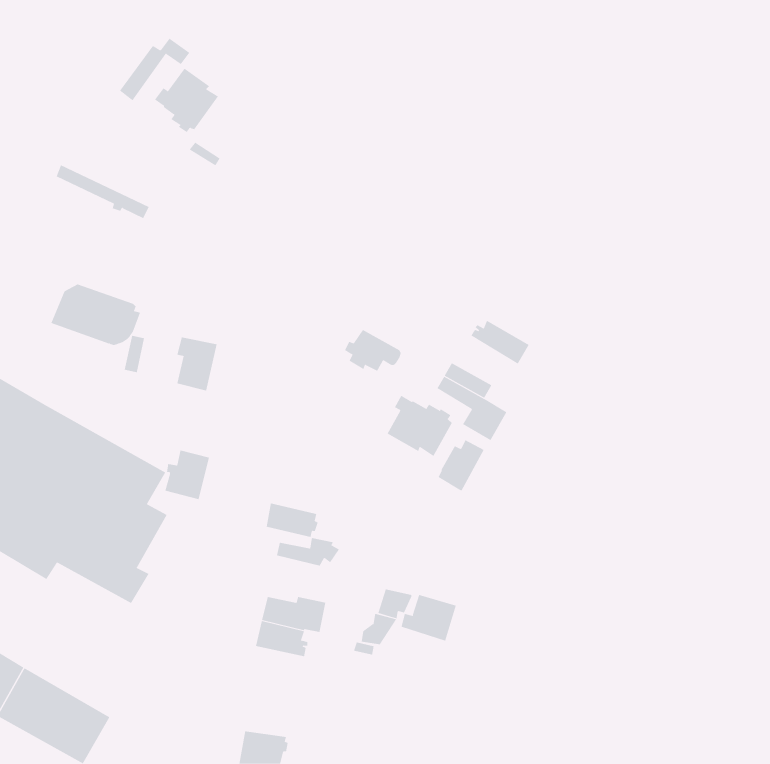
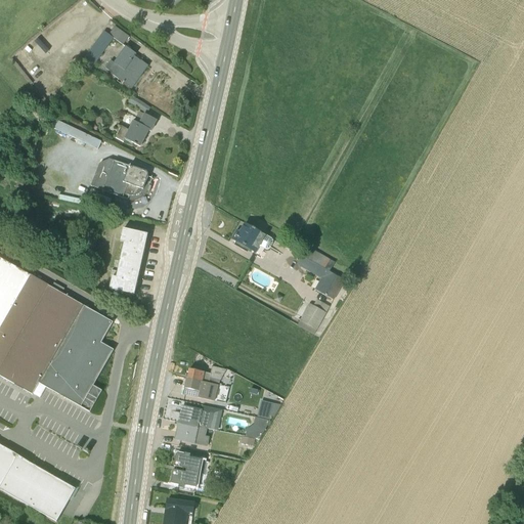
building: none -> [115,111,157,146]
building: [50,284,141,346] -> [90,158,151,200]
building: [470,320,530,365] -> none
building: [387,395,452,457] -> none
building: [165,450,210,500] -> [110,260,140,294]
building: [266,503,319,538] -> [183,377,219,400]
building: [401,594,457,642] -> none
building: none -> [170,451,201,485]

